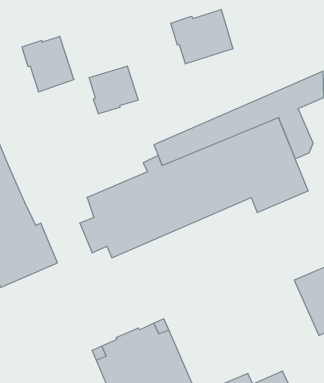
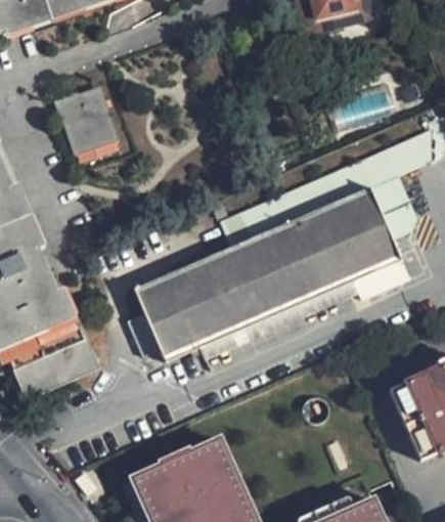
building: [171,9,233,64] -> none
building: [89,66,138,114] -> none

